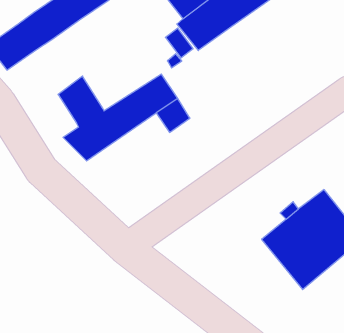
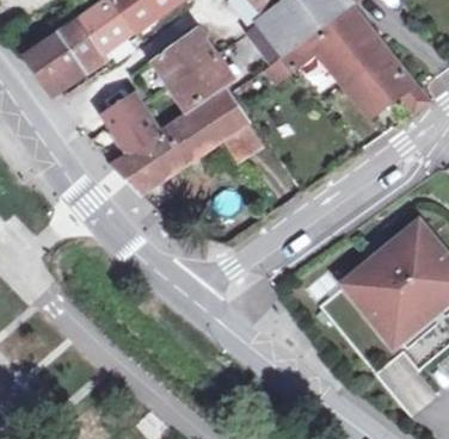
building: none -> [266,13,429,118]
building: none -> [155,32,232,109]

